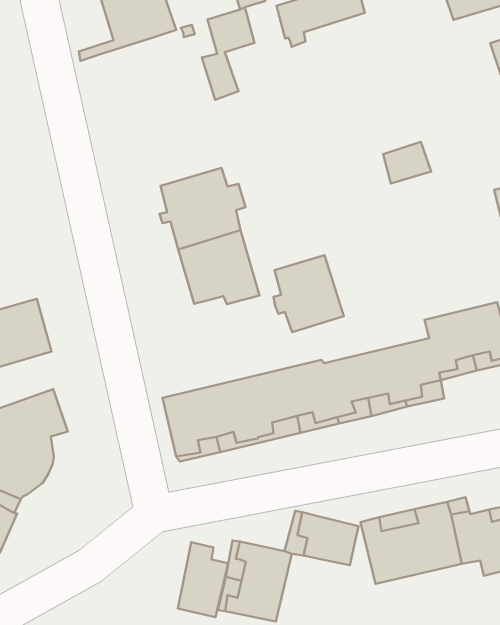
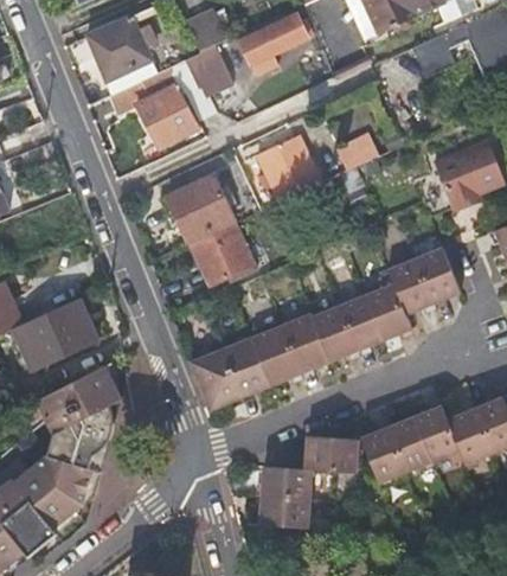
building: none -> [103,76,198,143]
building: [273,255,344,332] -> [258,133,319,198]
building: [178,542,228,617] -> none

